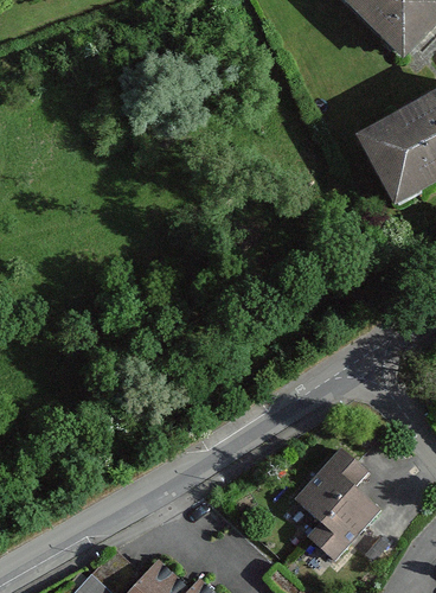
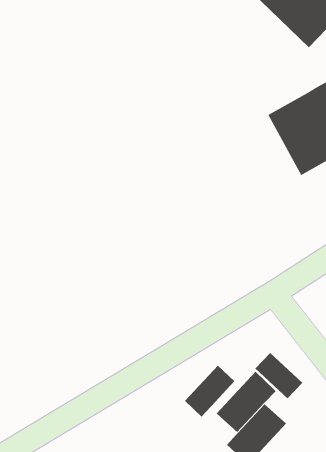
building: none -> [255,352,303,399]
building: none -> [184,365,235,417]

